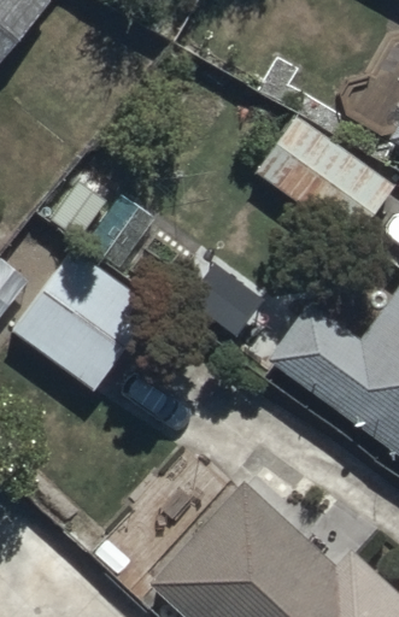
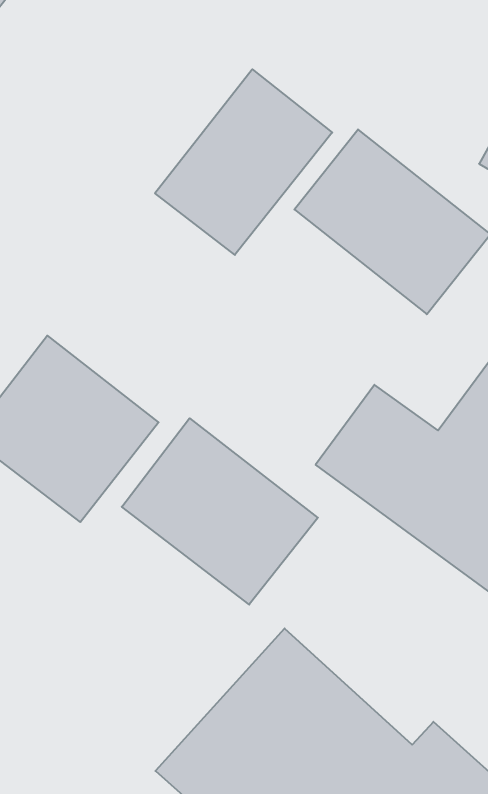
building: none -> [155,69,332,255]
building: none -> [122,418,318,605]

